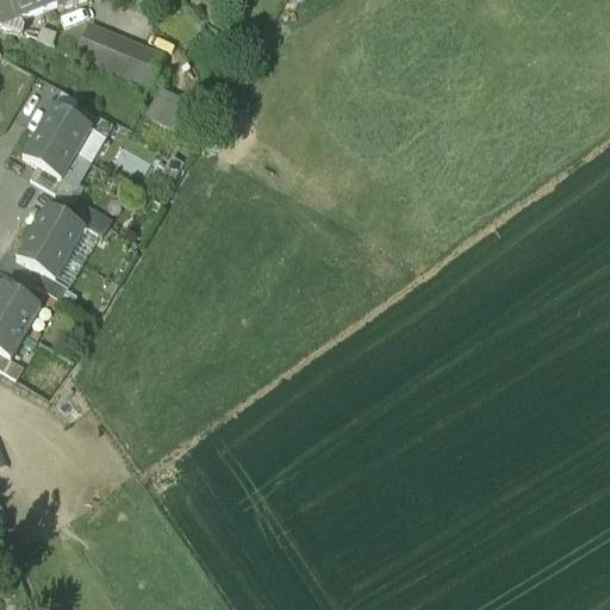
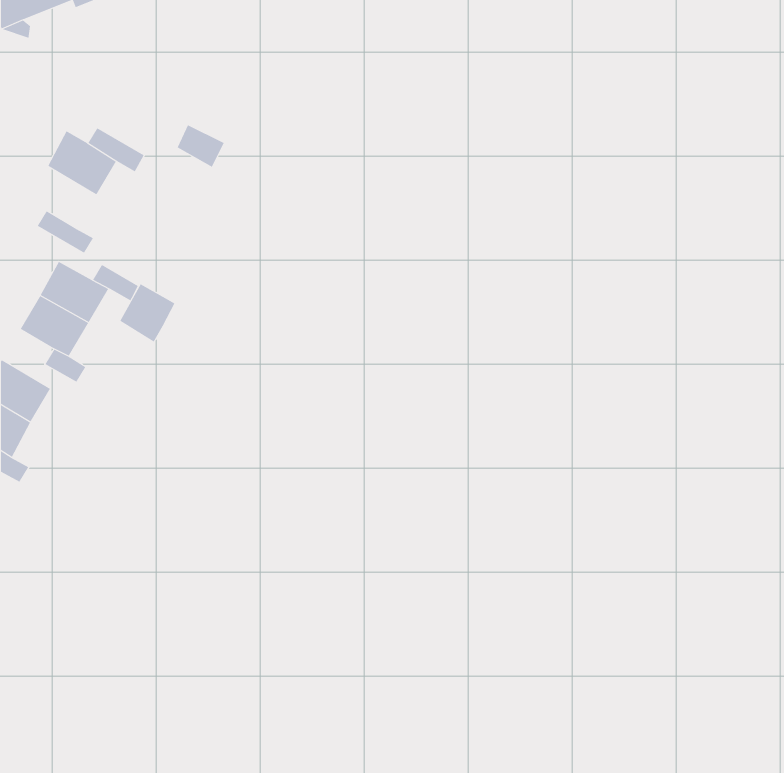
building: [80,21,164,79] -> none
building: [23,129,76,178] -> none
building: none -> [119,284,175,342]

